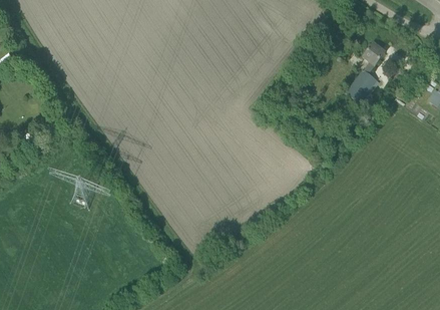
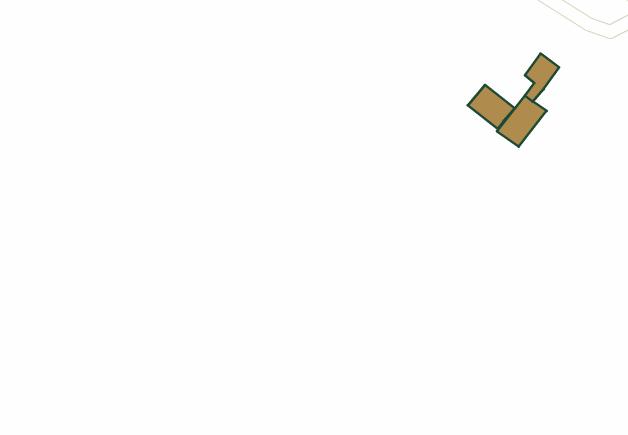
building: none -> [468,85,515,129]

